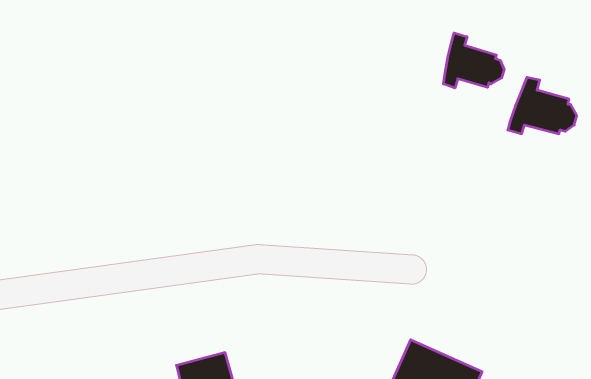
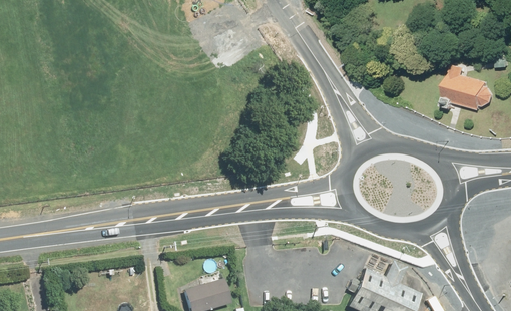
building: [443,33,504,88] -> none

